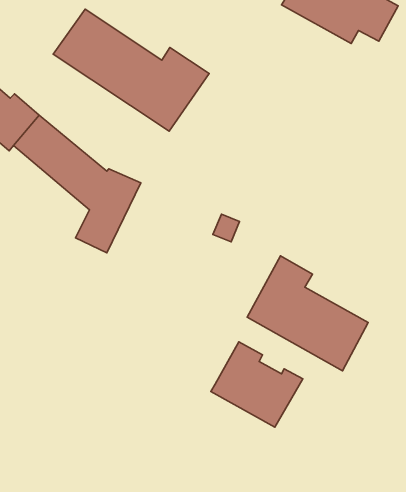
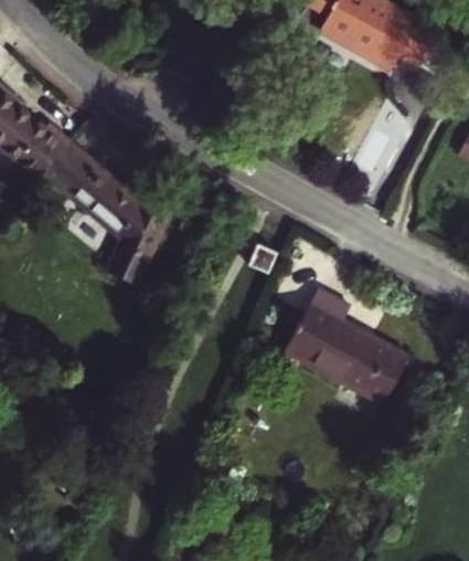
building: [53,9,209,131] -> none
building: [211,342,303,427] -> none

